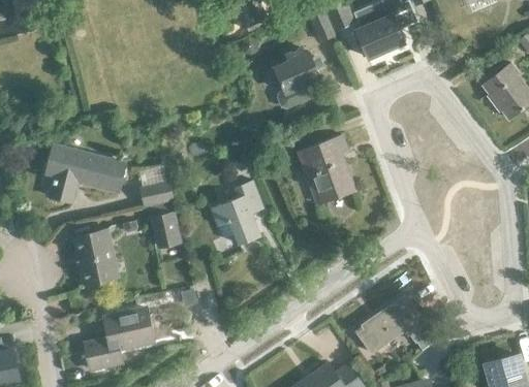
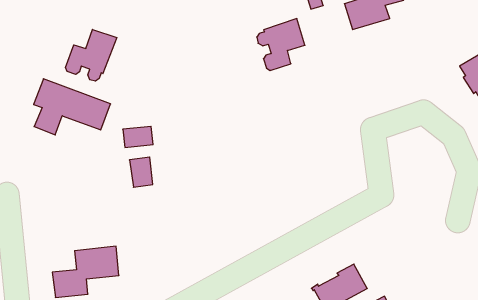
building: none -> [65,29,117,81]
building: [297,135,354,203] -> none
building: [211,180,263,245] -> none
building: [75,230,115,283] -> none

